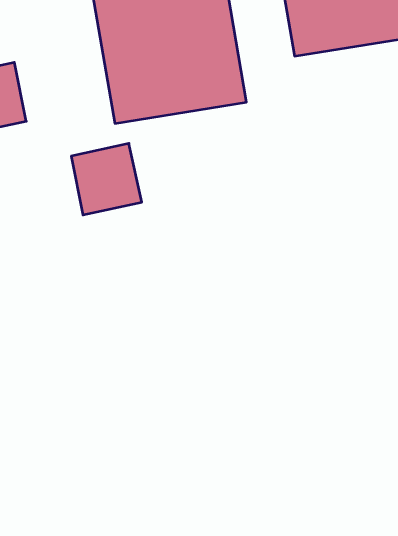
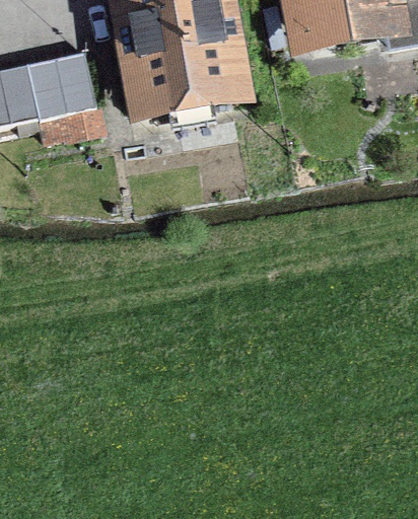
building: [71,143,142,215] -> [31,50,98,118]

